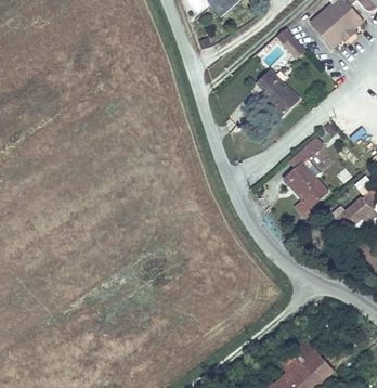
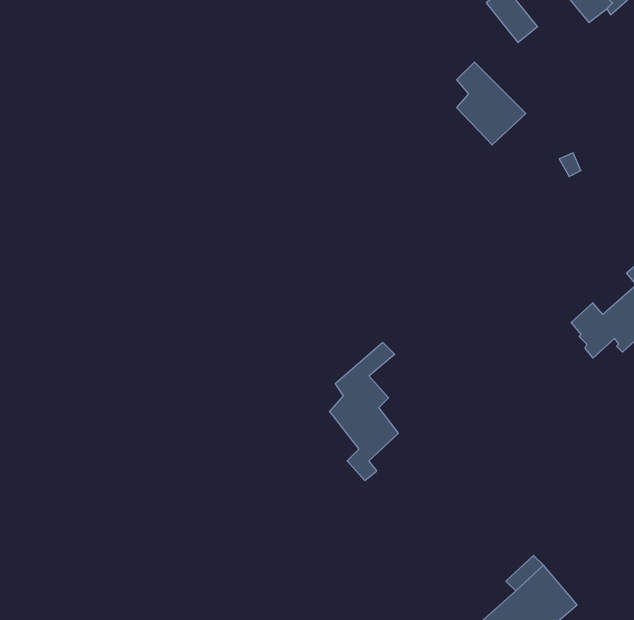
building: [287,143,325,219] -> [329,342,398,481]

